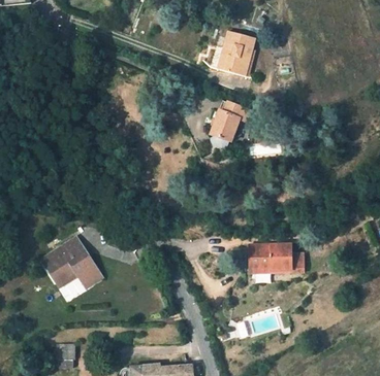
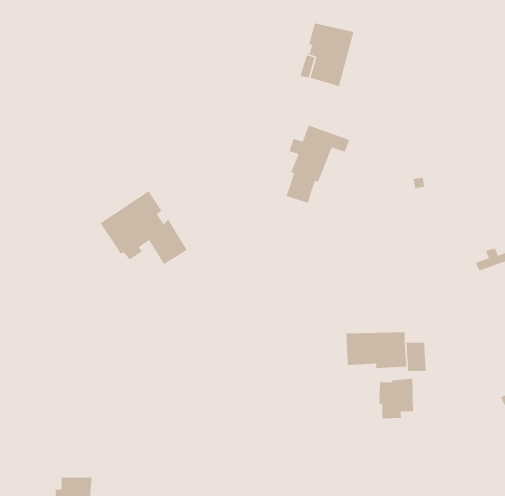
building: [40,236,101,287] -> [99,190,188,265]
building: none -> [378,378,414,419]

